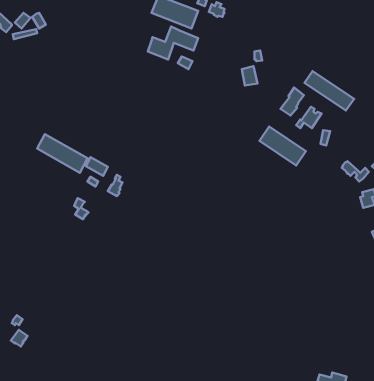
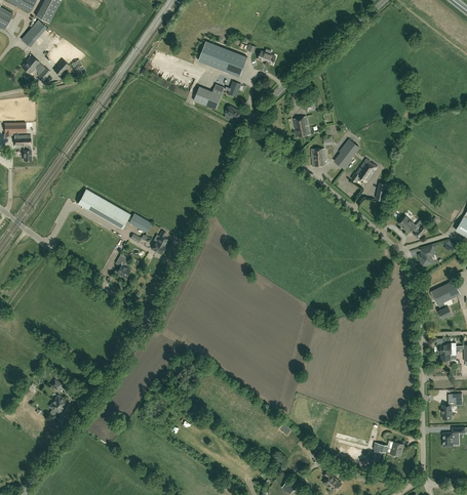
building: [304,71,354,110] -> none
building: [260,127,306,165] -> none

